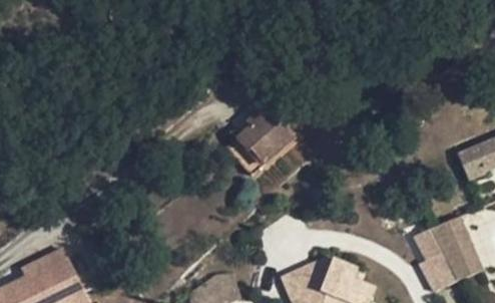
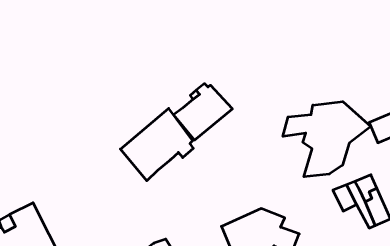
building: none -> [283,102,371,177]
building: none -> [120,108,193,181]
building: [422,250,459,289] -> none

